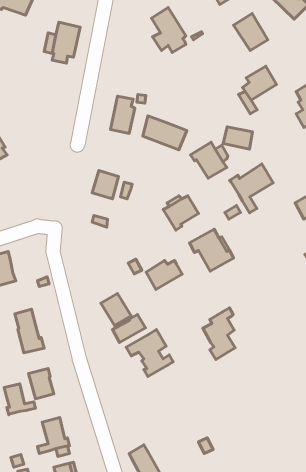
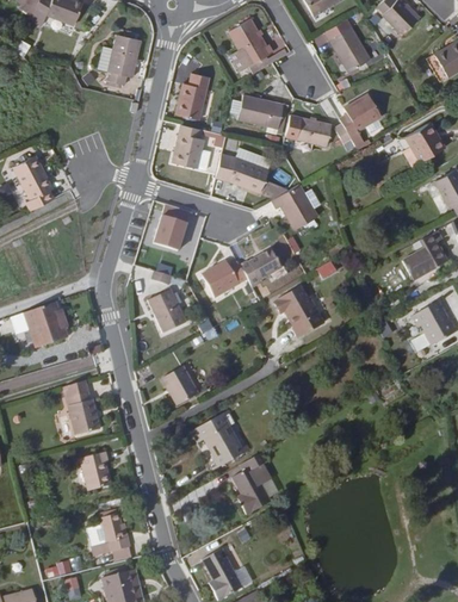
building: none -> [179,76,211,119]
building: none -> [236,94,281,128]
building: [223,127,253,149] -> [295,114,330,142]
building: [229,164,273,213] -> none
building: none -> [150,291,190,335]
building: [146,260,182,290] -> [204,259,248,294]
building: [203,308,235,360] -> [237,452,277,515]
building: [112,314,145,342] -> none
building: [4,384,35,415] -> none

